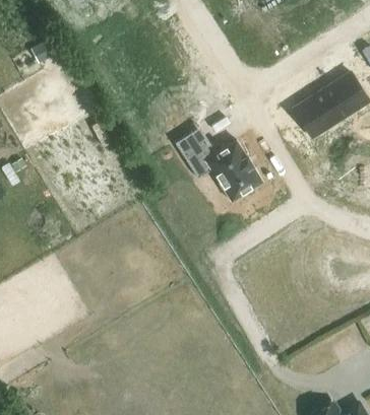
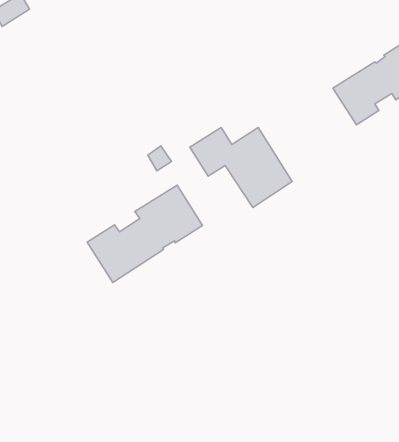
building: none -> [87,185,203,283]

